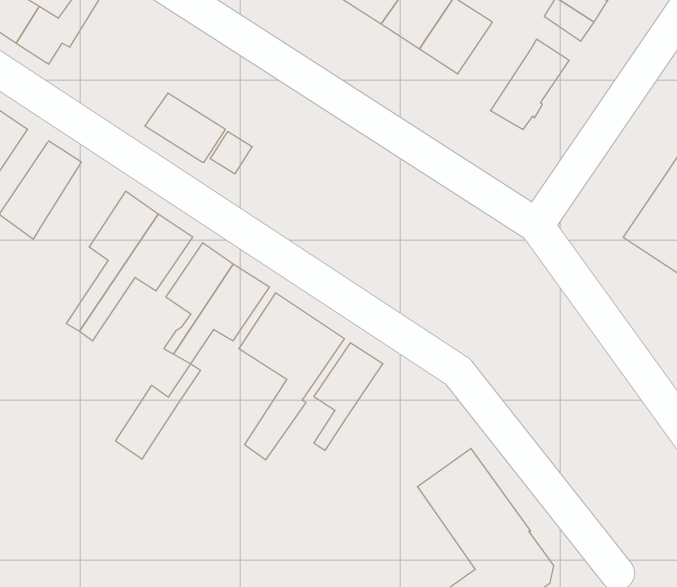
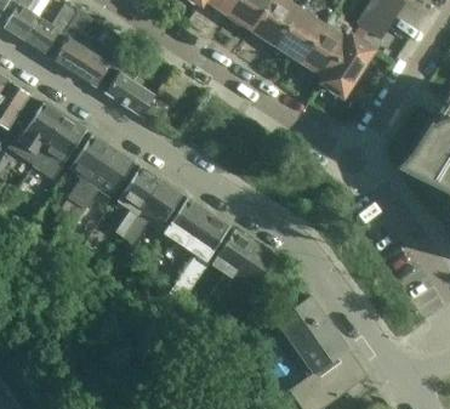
building: none -> [302,27,348,75]
building: none -> [53,36,129,86]
building: none -> [40,115,86,164]
building: [116,364,200,459] -> none
building: none -> [232,243,277,291]

